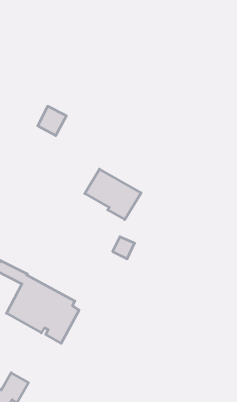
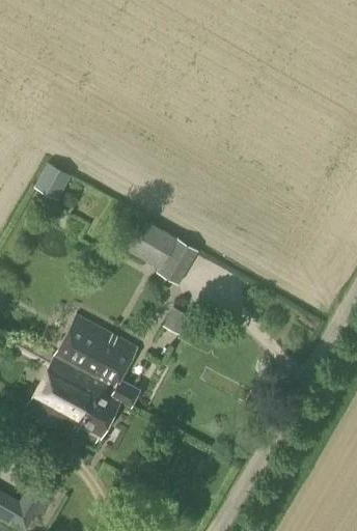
building: [38,106,66,136] -> [36,163,73,200]
building: none -> [55,315,141,407]

